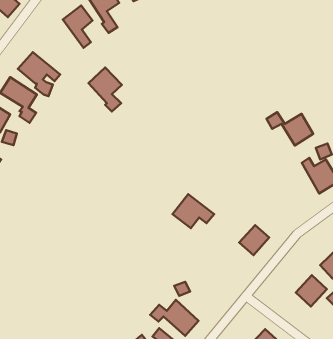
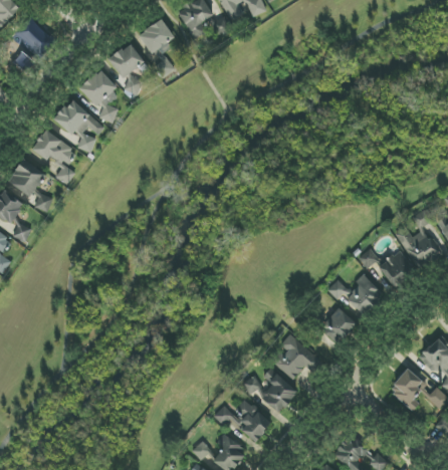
building: [89,67,122,112] -> [79,69,120,123]
building: [266,112,313,145] -> [359,248,415,288]
building: [172,194,214,228] -> [272,337,322,379]
building: none -> [327,275,385,315]
building: none -> [260,373,297,414]

